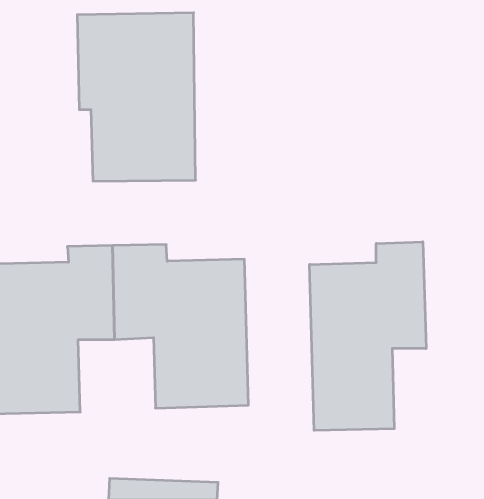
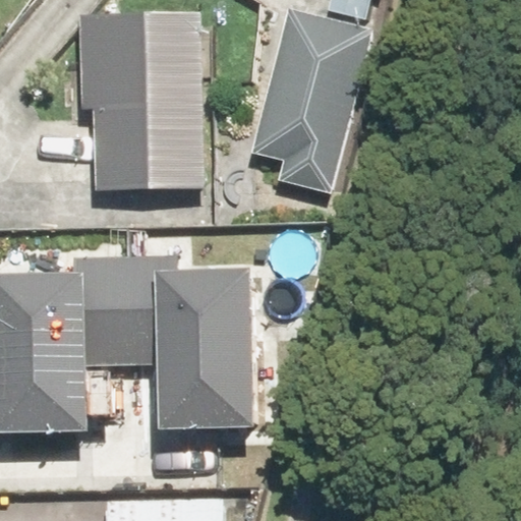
building: none -> [247,8,374,199]
building: [310,242,426,430] -> none

